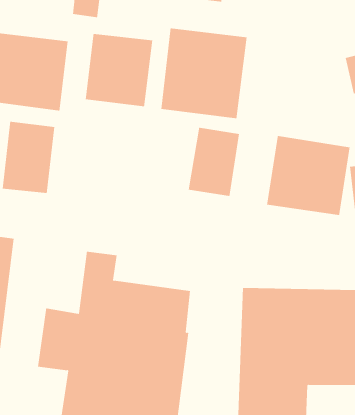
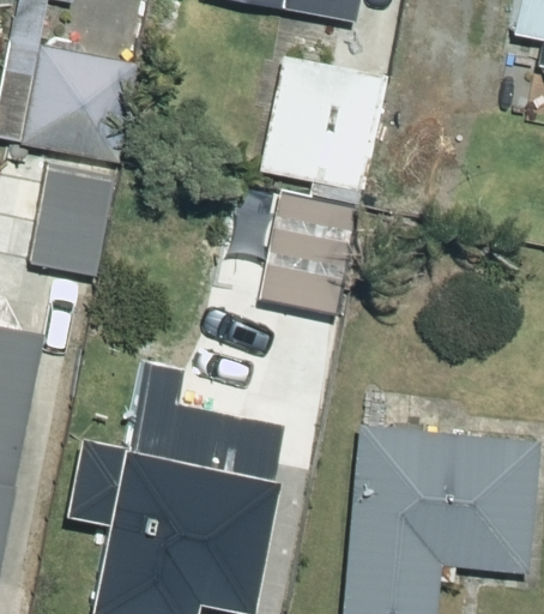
building: [85,33,153,107] -> none
building: [266,135,350,216] -> none

